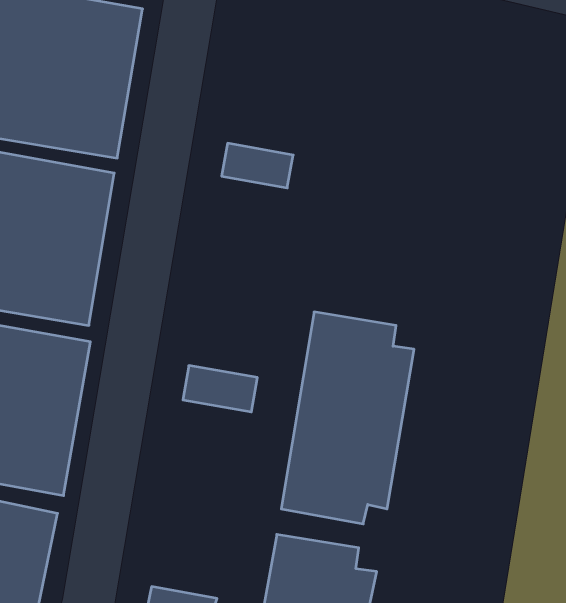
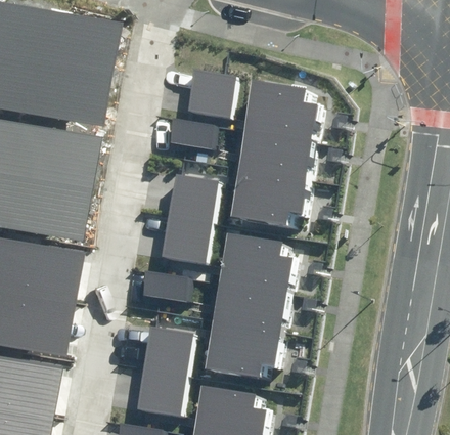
building: none -> [186,69,238,117]
building: none -> [233,81,324,225]
building: none -> [161,173,219,261]
building: none -> [135,325,191,412]

